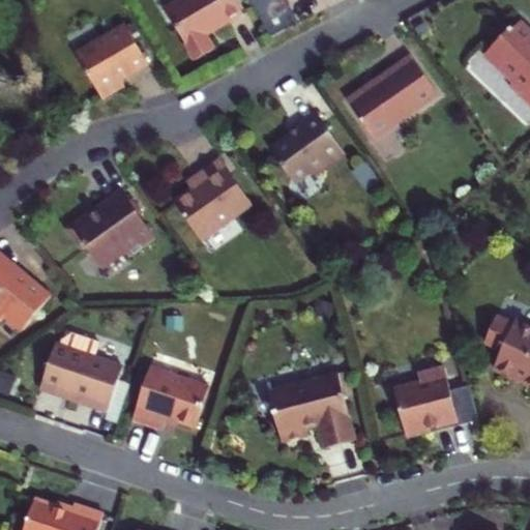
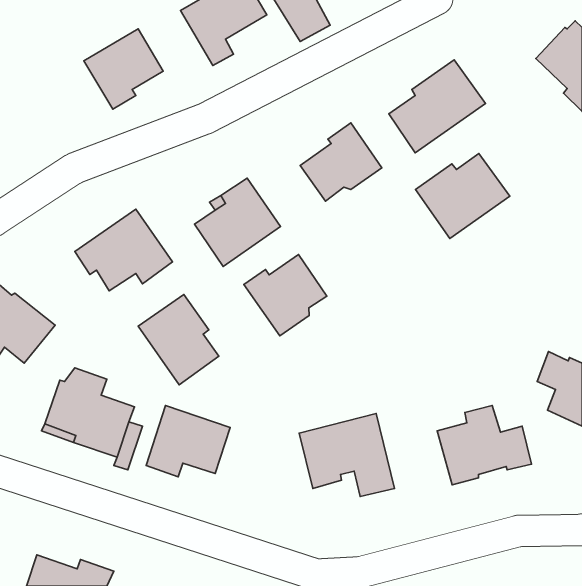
building: none -> [416,154,510,239]
building: none -> [244,255,327,336]
building: none -> [138,294,219,385]

